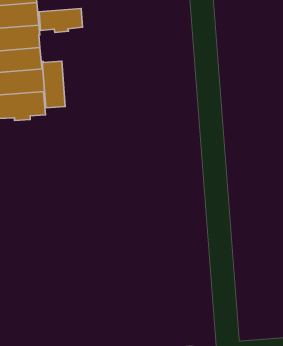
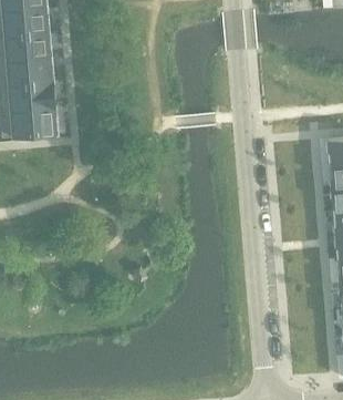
building: [38,8,83,32] -> none
building: [42,61,65,108] -> none

